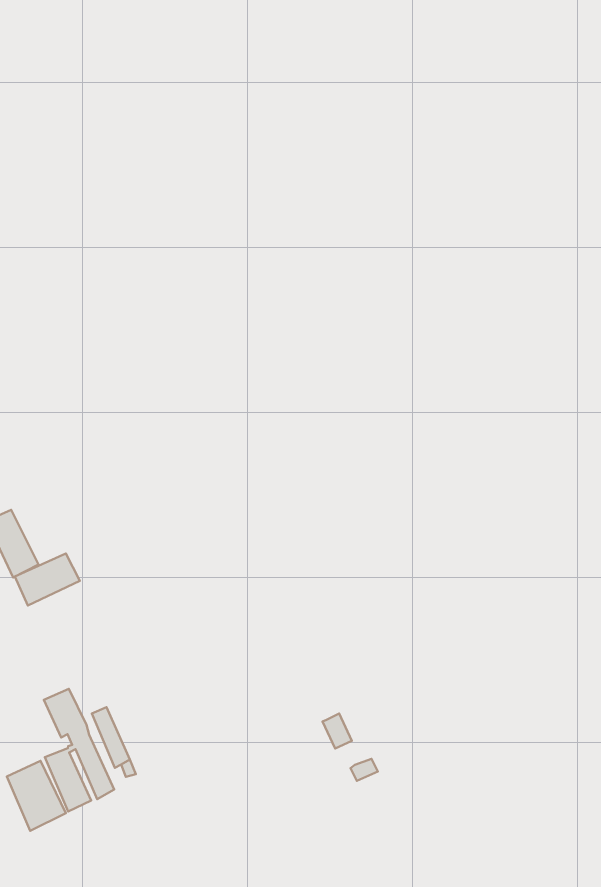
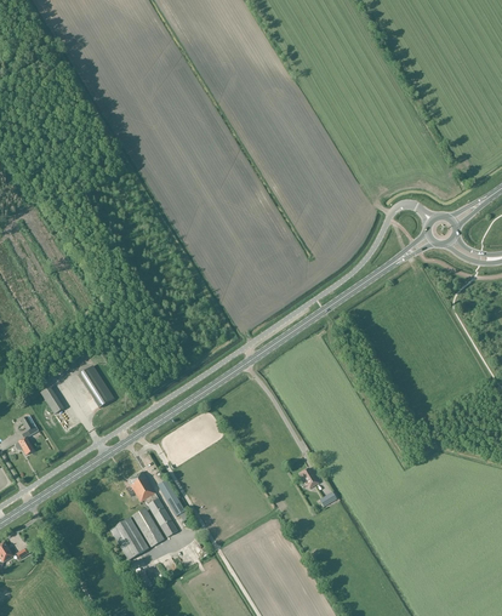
building: [15,554,80,605] -> none

